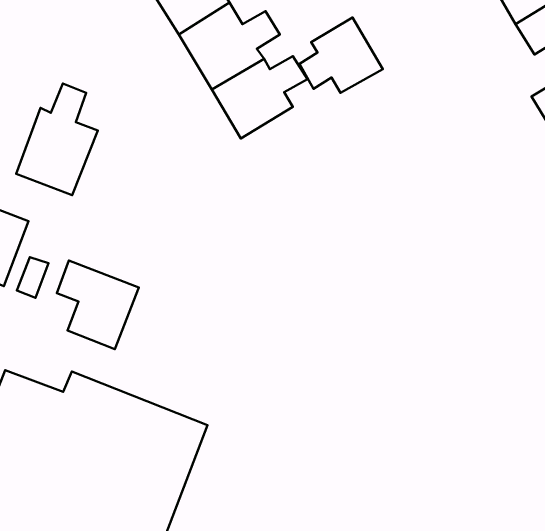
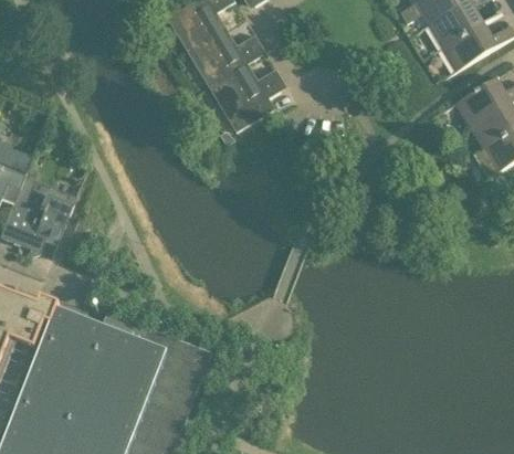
building: [300,18,383,93] -> none
building: [16,83,98,195] -> none
building: [57,260,139,349] -> none

